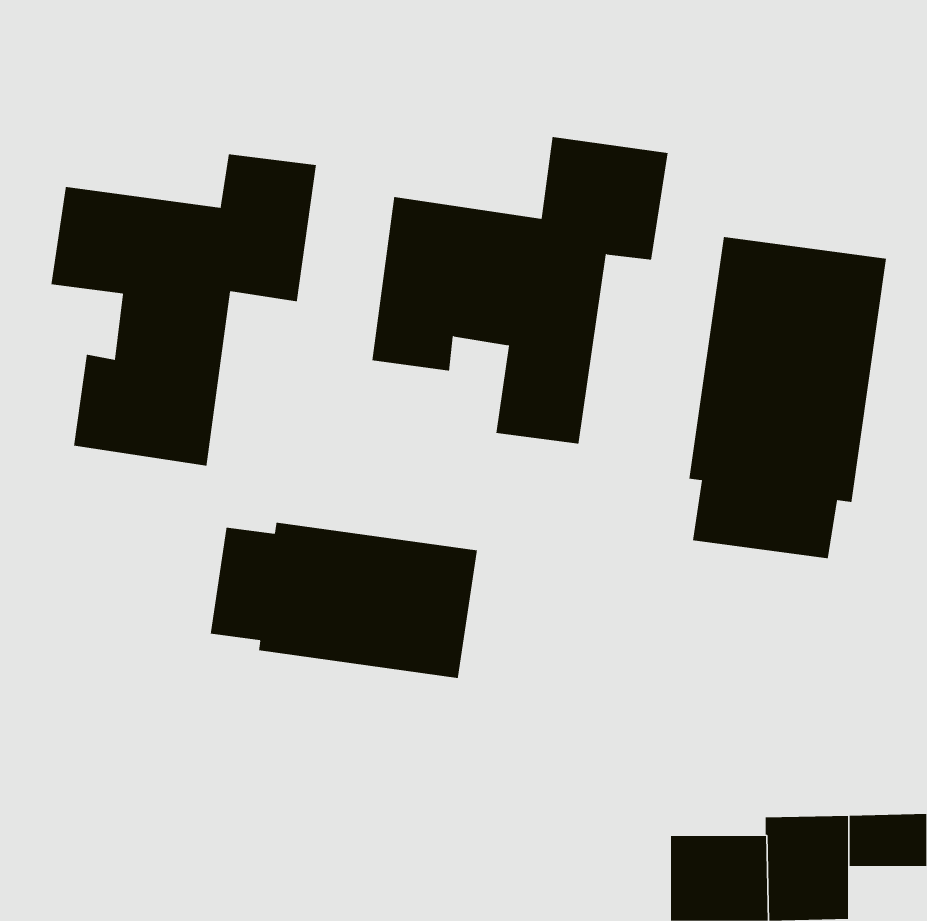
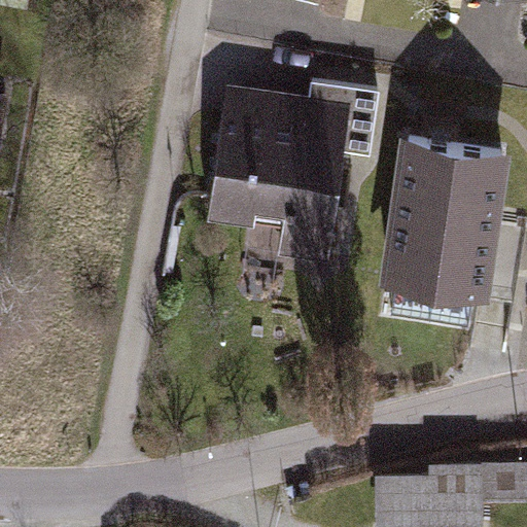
building: [51,154,317,466] -> none
building: [210,522,478,679] -> none

